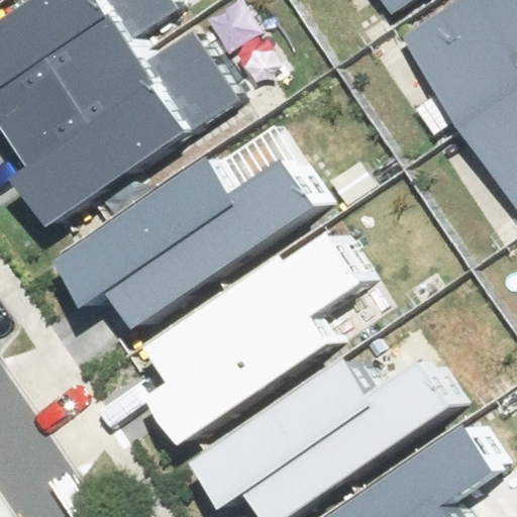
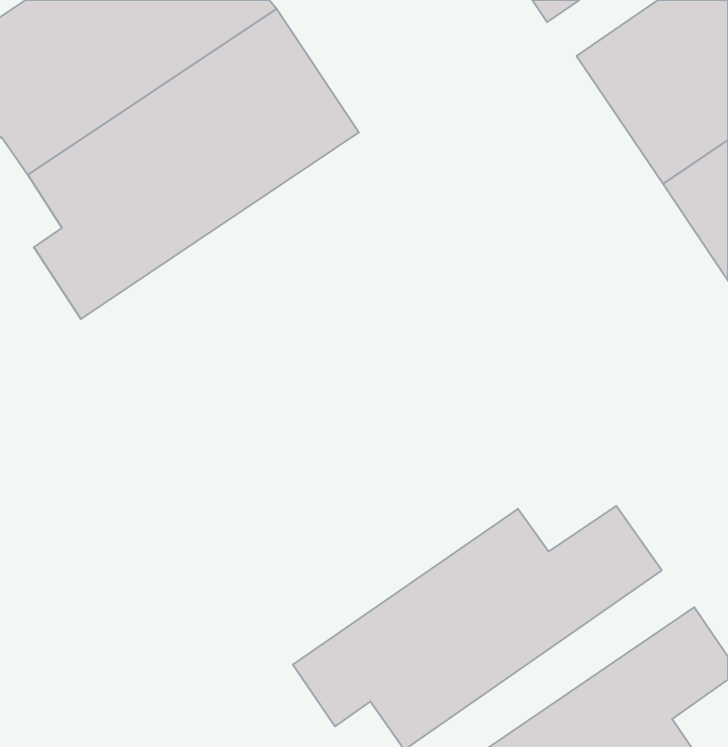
building: [67,147,321,315] -> none
building: [154,221,365,436] -> none

